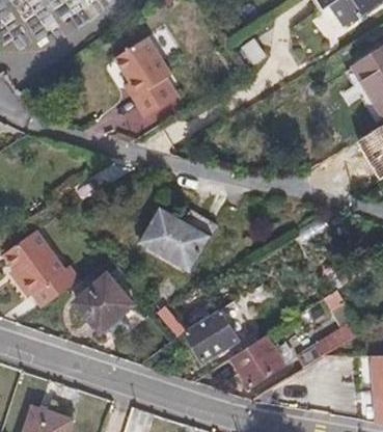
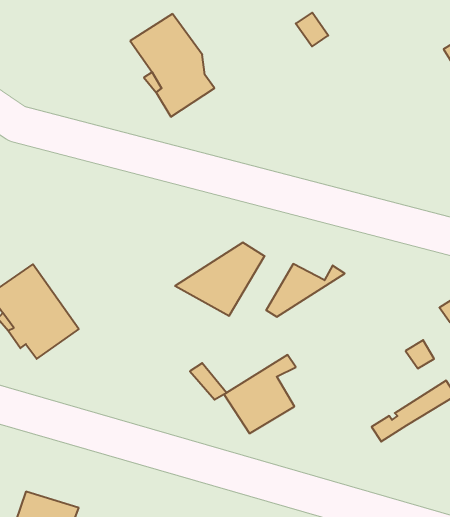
building: [138,208,198,248] -> [266,264,345,317]
building: [73,268,140,327] -> none
building: [230,335,283,386] -> none

